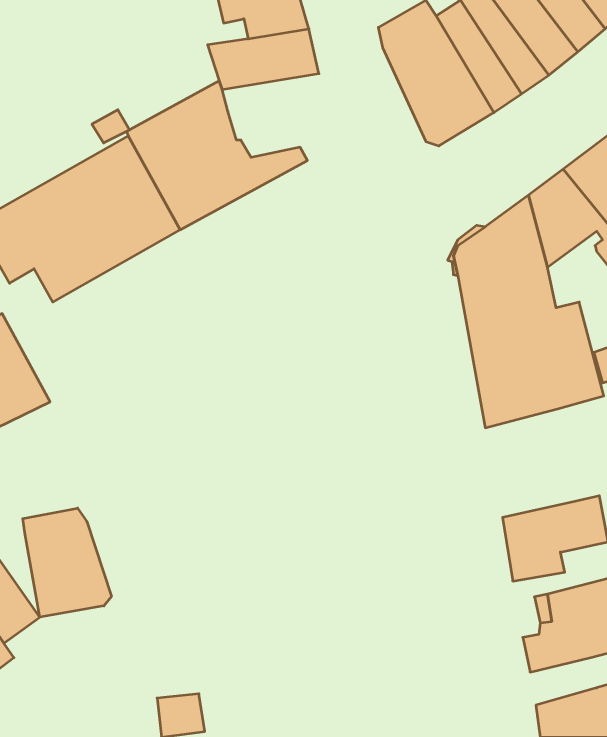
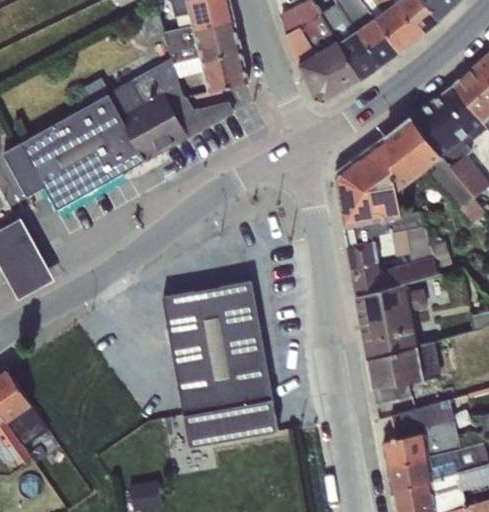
building: none -> [174,52,248,92]
building: none -> [162,280,278,447]
building: none -> [356,284,427,359]
building: [23,508,111,617] -> none
building: none -> [387,456,433,489]

